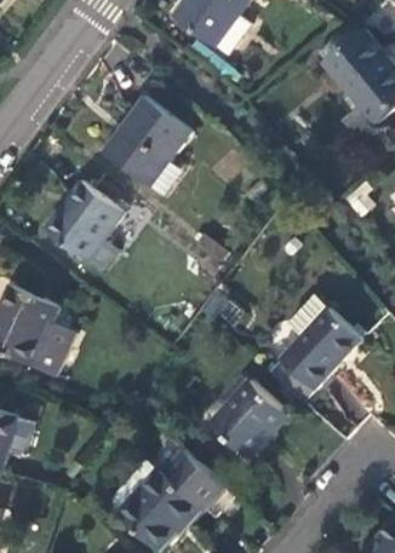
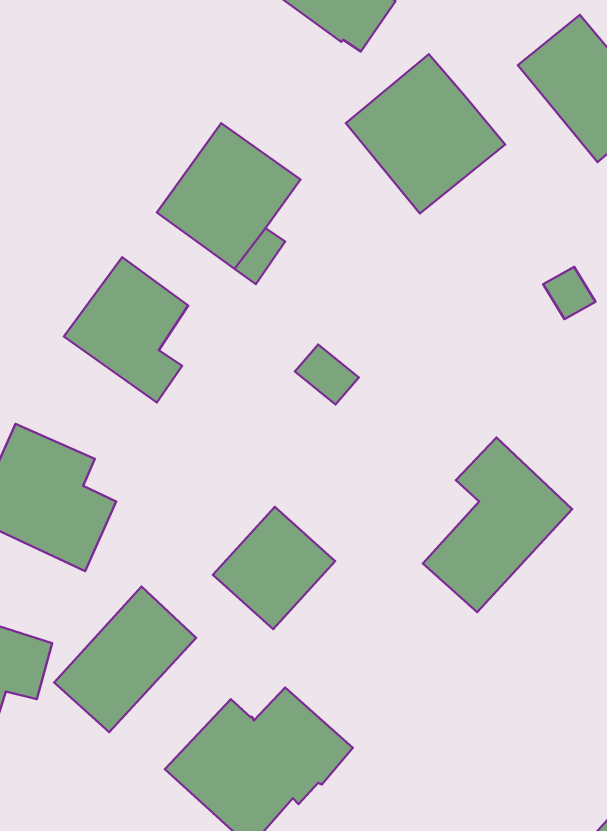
building: none -> [346,54,505,213]
building: [211,381,287,457] -> [213,507,335,629]
building: none -> [54,587,196,732]

